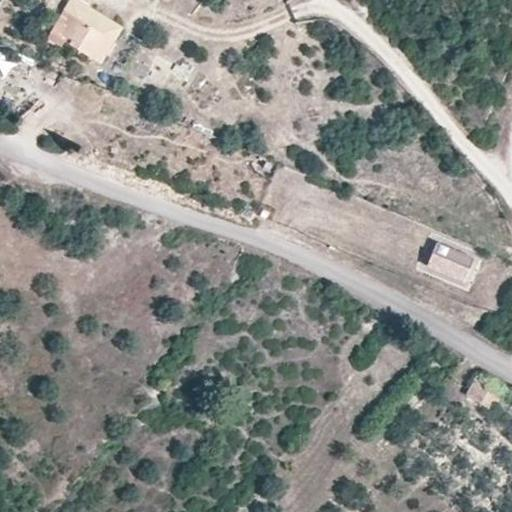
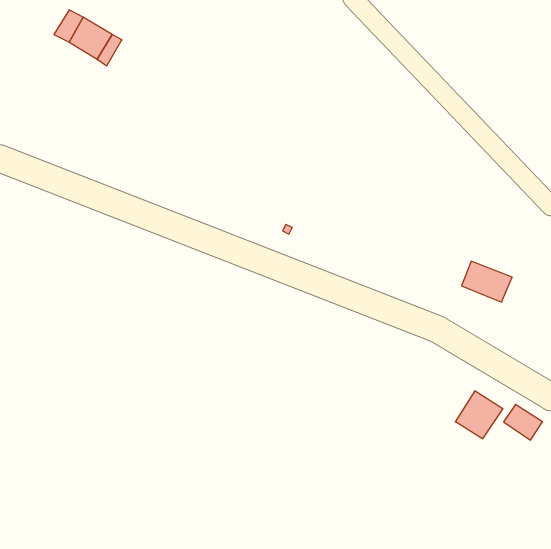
building: none -> [455,391,503,439]

